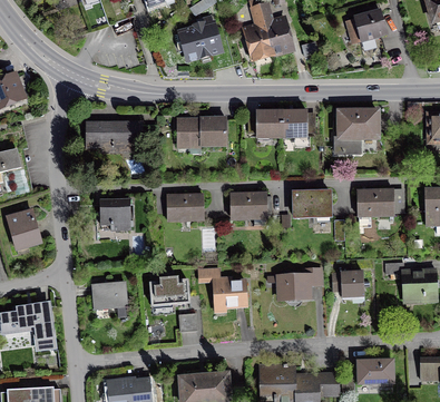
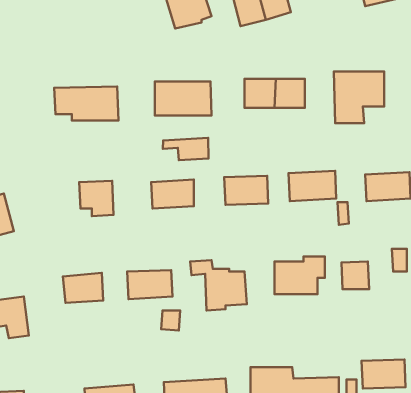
building: none -> [163,138,209,160]

